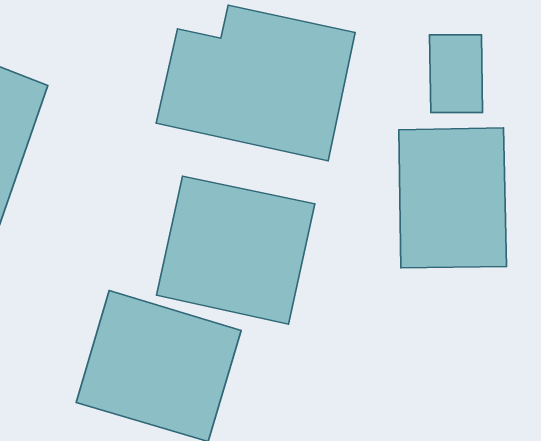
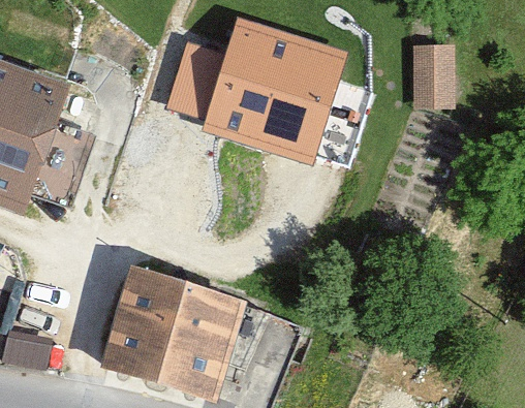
building: [399,128,507,268] -> none
building: [157,176,315,324] -> none

